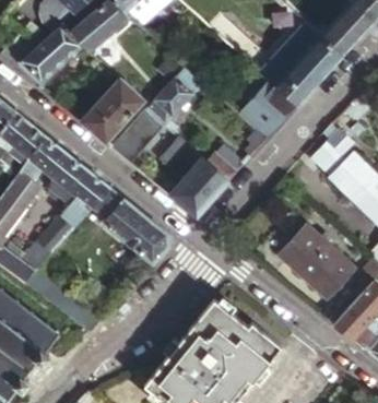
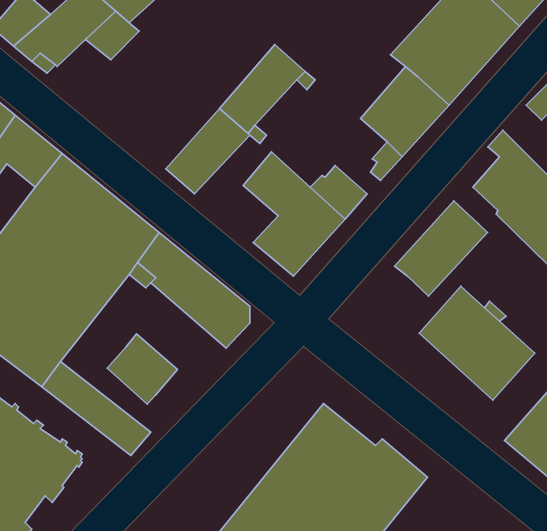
building: [80,79,143,142] -> none
building: none -> [395,201,487,296]
building: none -> [107,334,178,404]

